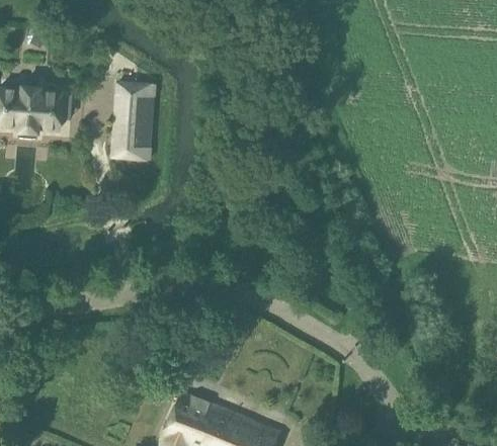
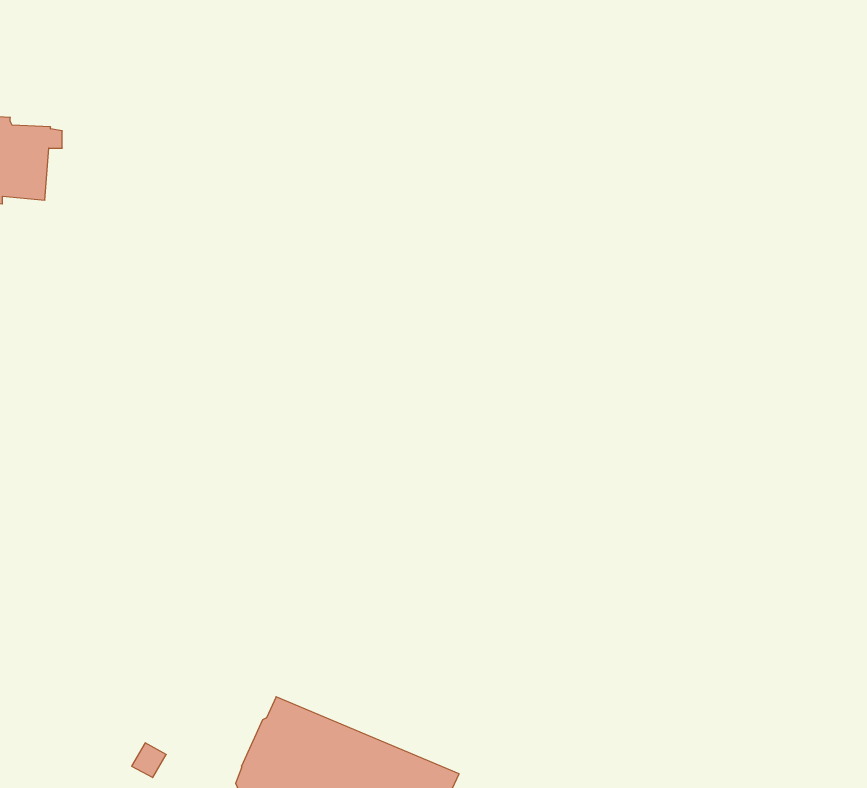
building: [113,83,156,161] -> none

